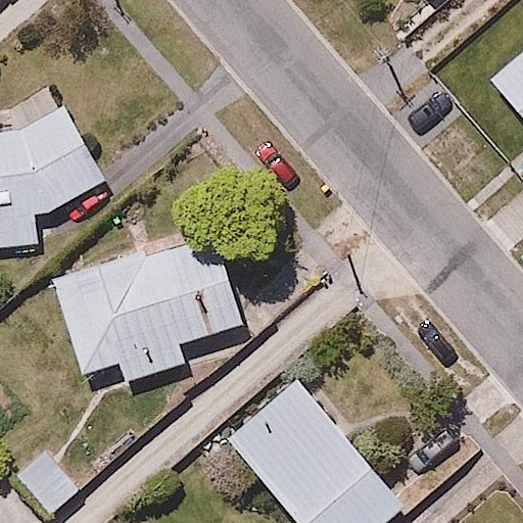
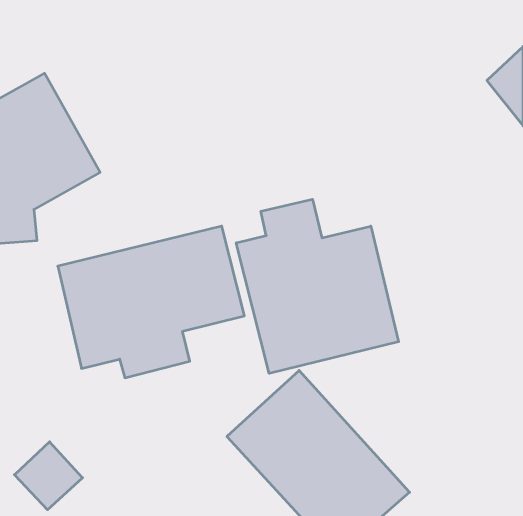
building: none -> [236,199,399,373]

